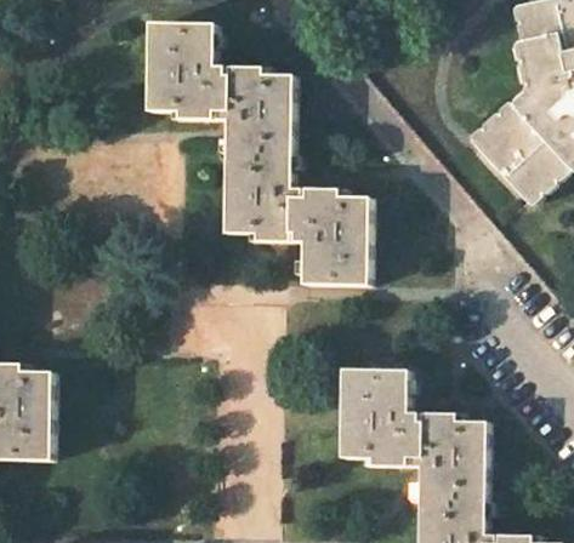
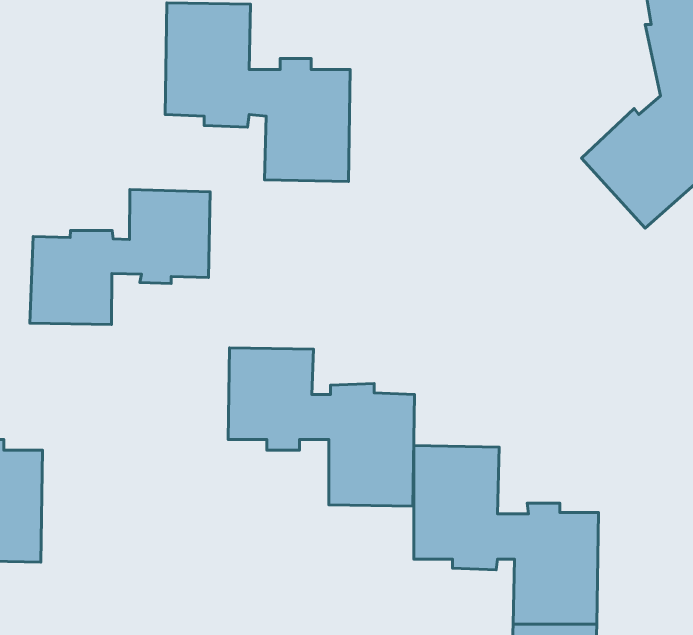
building: [223,160,369,284] -> [228,348,414,506]
building: none -> [30,189,210,325]

